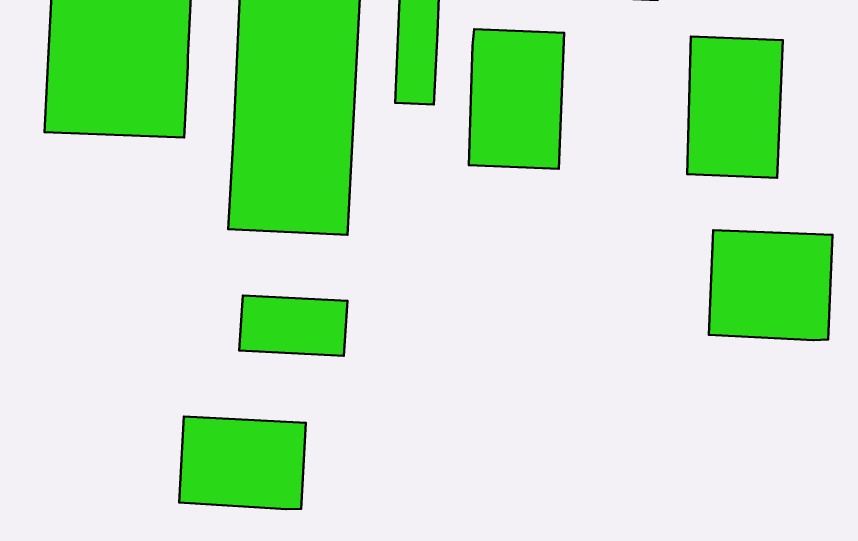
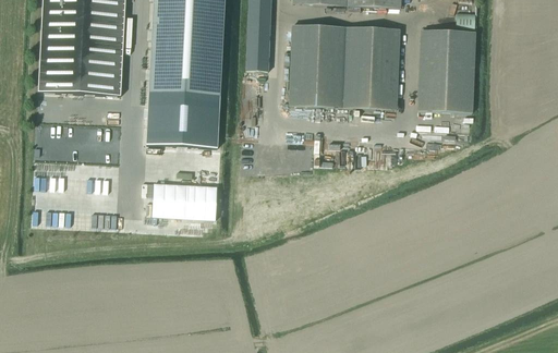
building: none -> [343,27,400,110]
building: [709,230,832,340] -> none
building: [179,417,306,509] -> none

